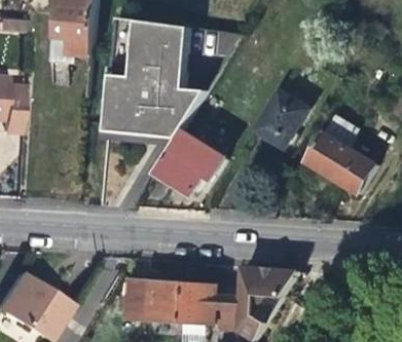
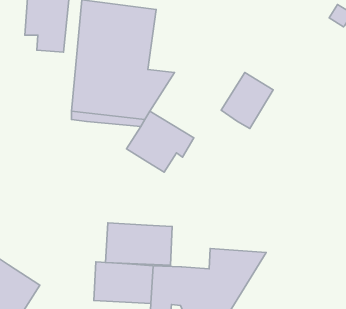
building: [307,113,376,191] -> none
building: none -> [106,223,172,265]

